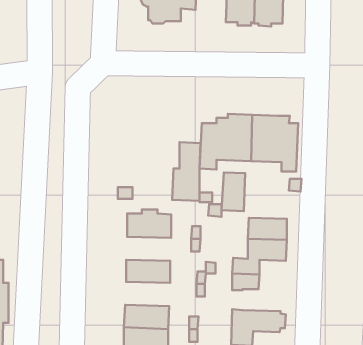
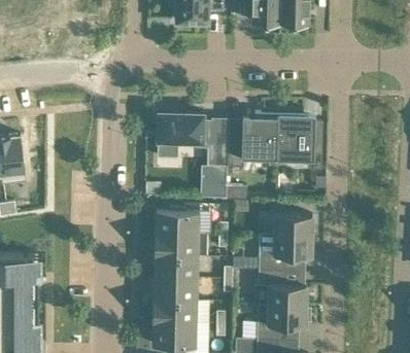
building: none -> [153,108,204,158]
building: [222,172,245,211] -> none
building: none -> [155,234,199,257]
building: none -> [153,278,198,302]
building: none -> [269,285,306,307]

